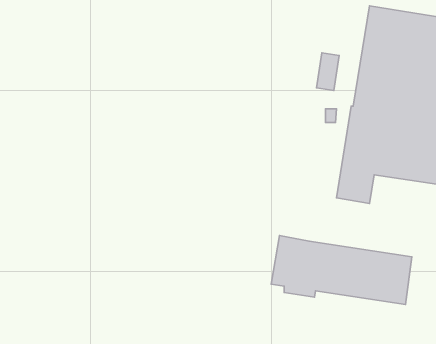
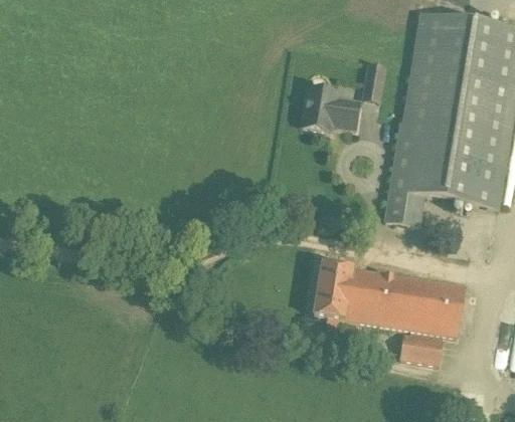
building: none -> [301,85,359,130]
building: none -> [400,331,445,364]

